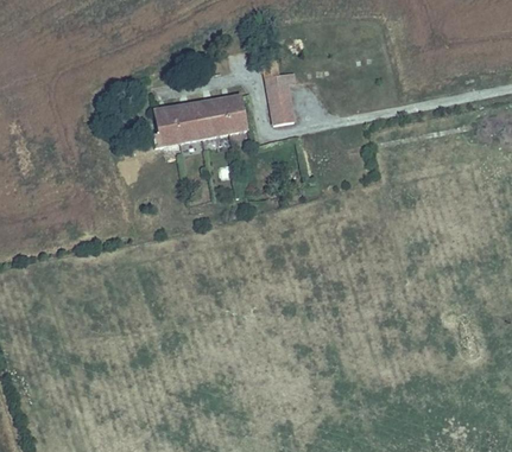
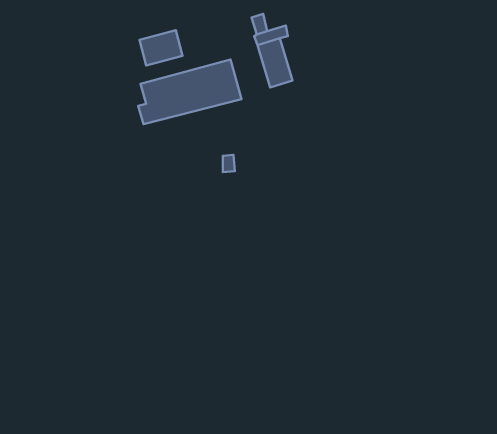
building: none -> [140,30,182,66]

